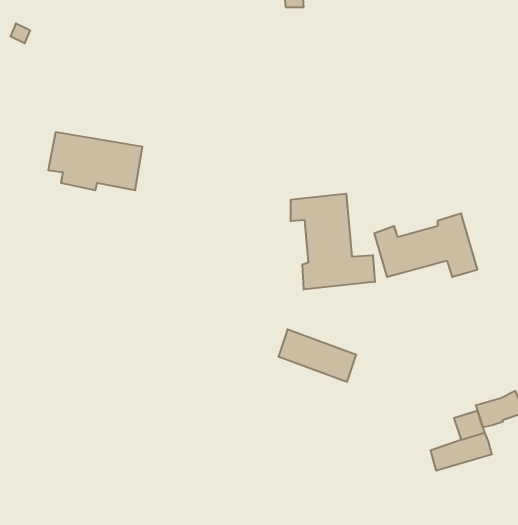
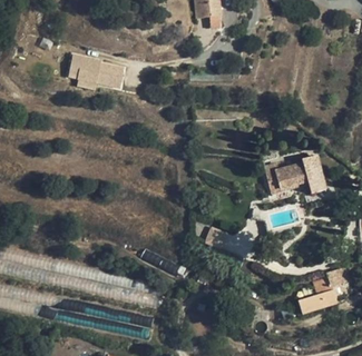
building: [48,132,142,190] -> [68,55,126,90]
building: [291,194,375,290] -> none

